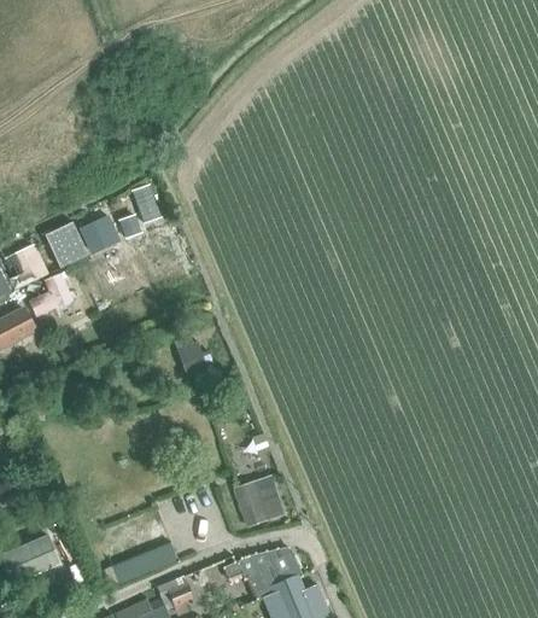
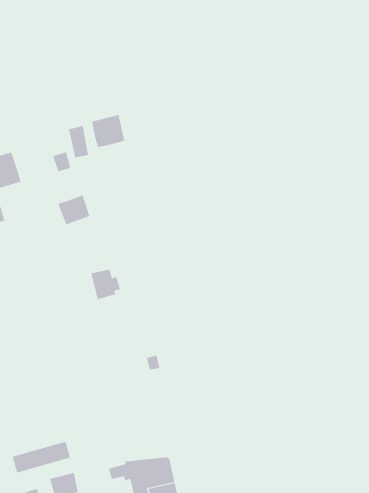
building: none -> [92,114,125,148]
building: [80,217,118,253] -> [57,195,90,225]
building: [232,474,285,527] -> none

